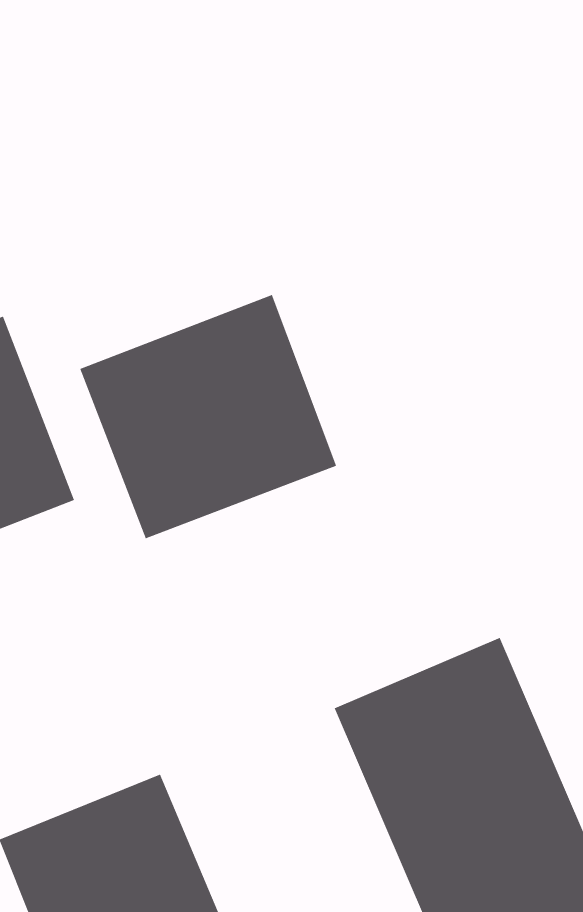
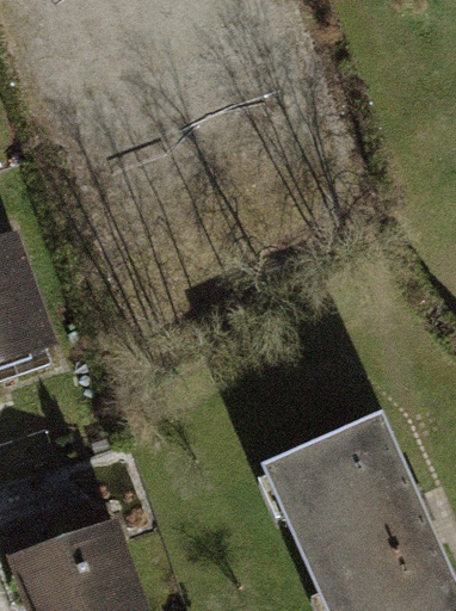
building: [79,294,337,539] -> none

